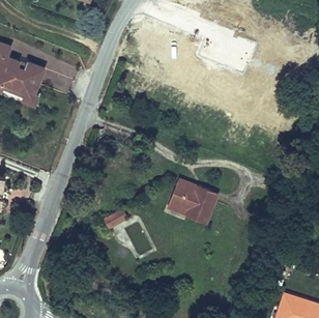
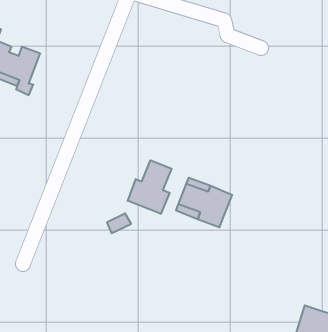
building: none -> [128,160,172,214]

